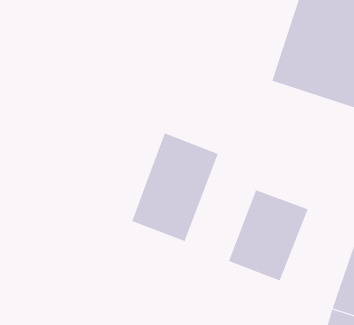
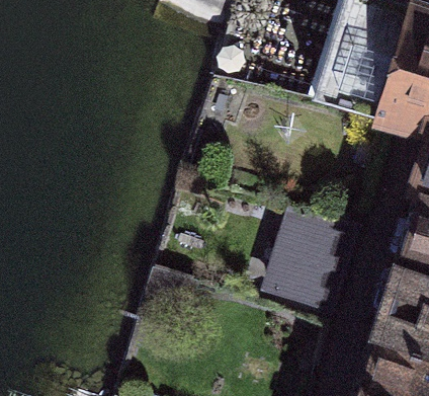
building: [132,133,218,242] -> none

